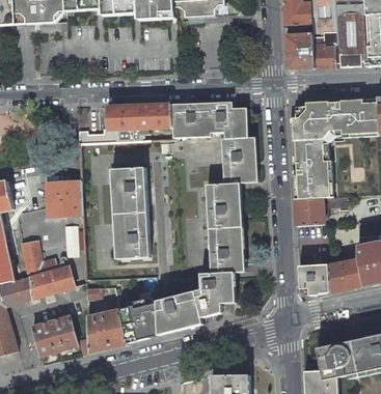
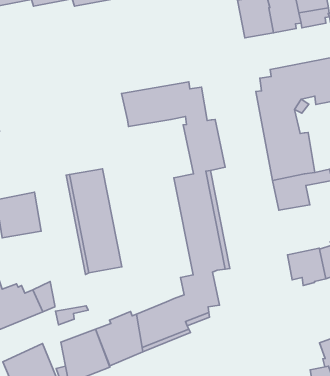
building: [78,104,172,144] -> none

